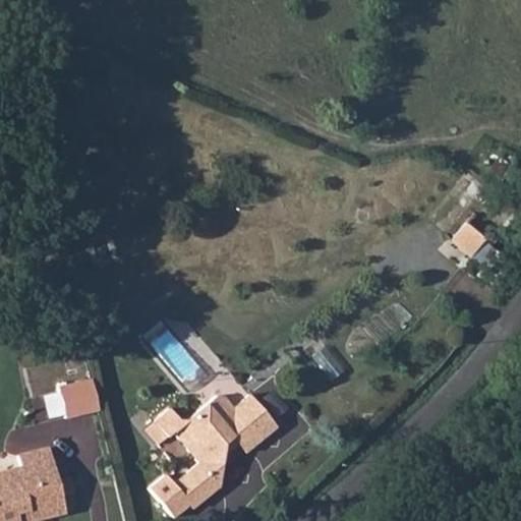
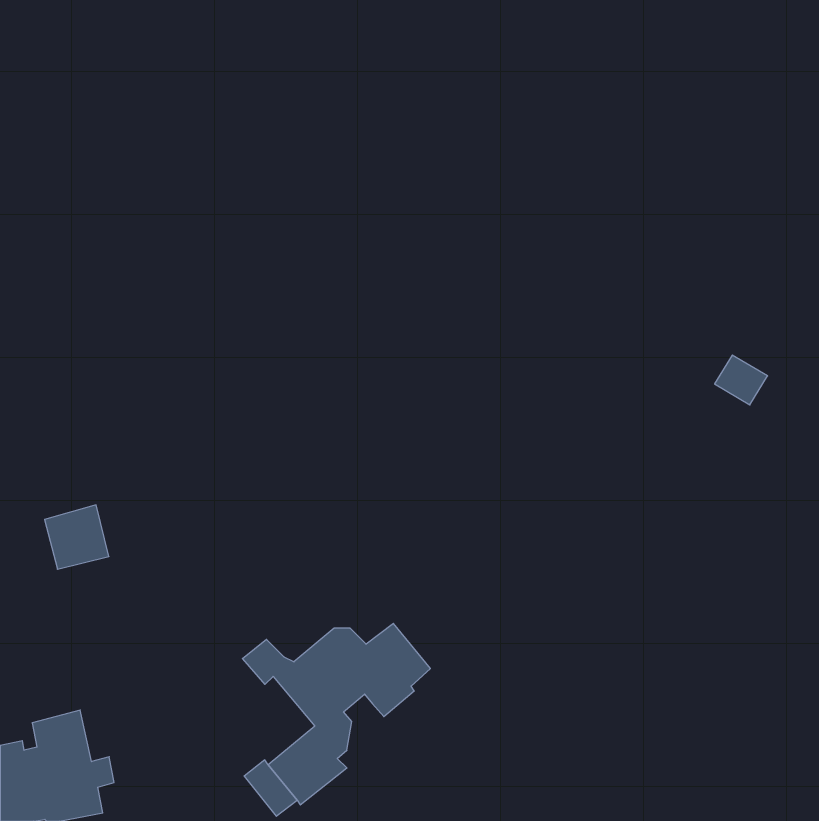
building: [60,380,101,420] -> [45,505,109,569]

